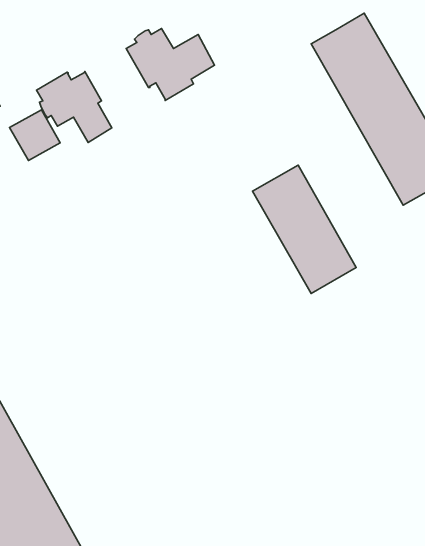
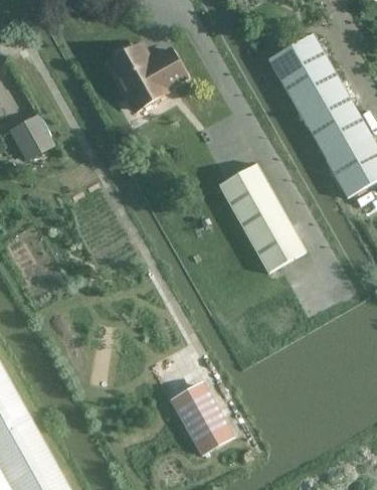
building: [36,71,112,142] -> none
building: none -> [173,384,226,444]

